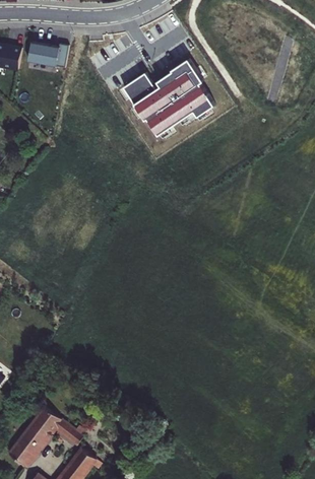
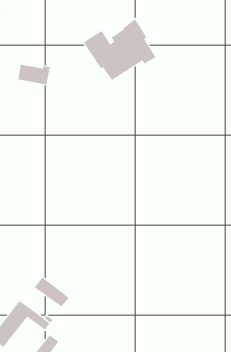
building: [27,42,68,68] -> [18,64,50,85]
building: none -> [34,277,69,308]

